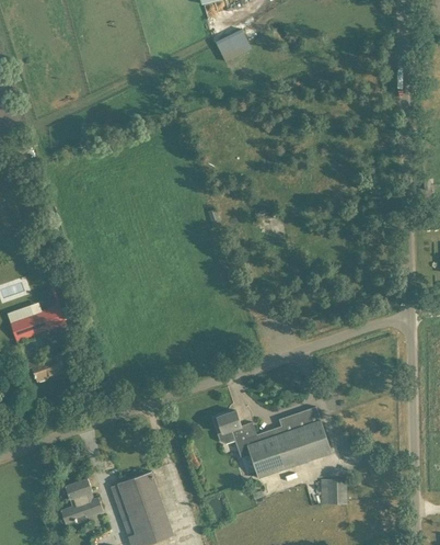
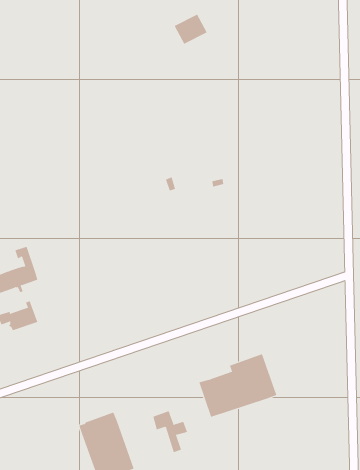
building: [217,410,256,457] -> [152,410,188,453]
building: [61,478,103,524] -> none
building: [321,478,346,504] -> none

